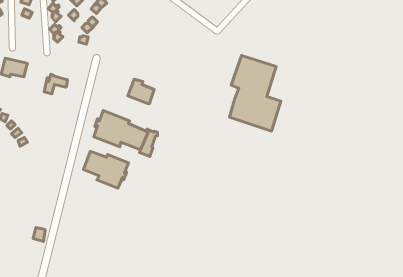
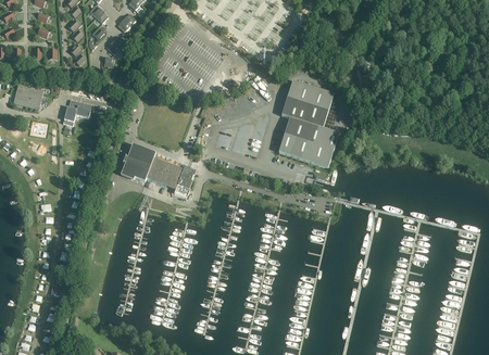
building: [128,79,154,104] -> none
building: [83,151,129,188] -> none

